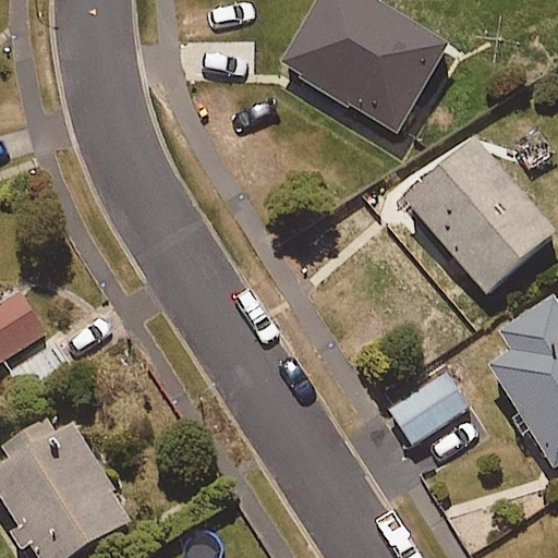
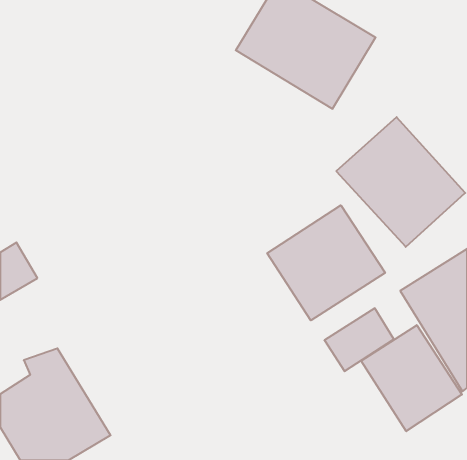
building: none -> [267,205,385,320]
building: none -> [361,325,462,431]

